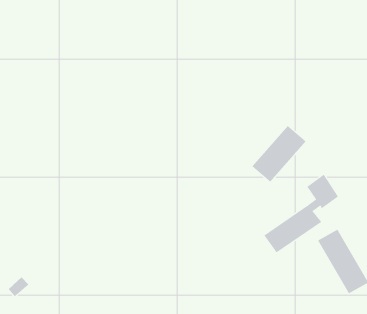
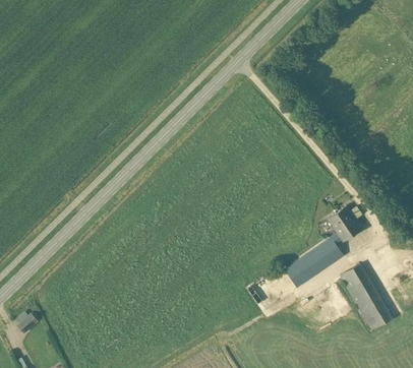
building: [252,125,306,183] -> none

